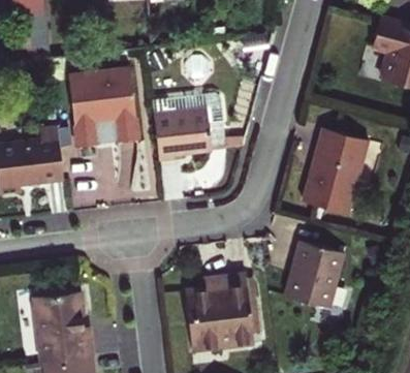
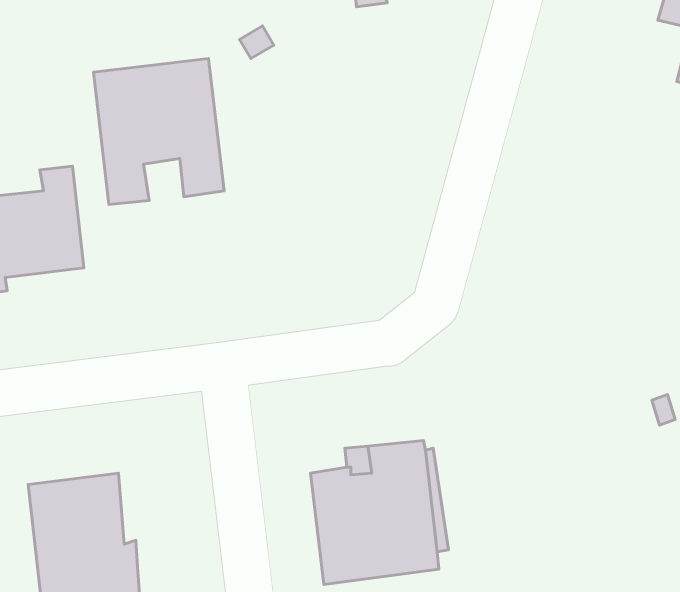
building: [153,110,213,161] -> none
building: [303,128,368,214] -> none
building: [288,242,345,309] -> none

